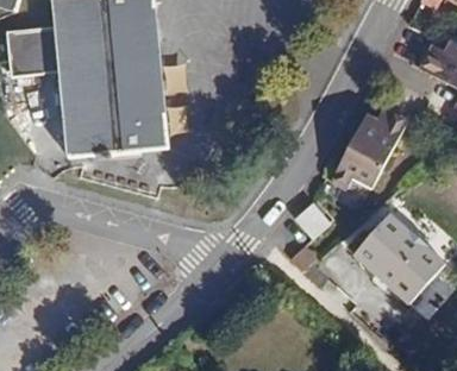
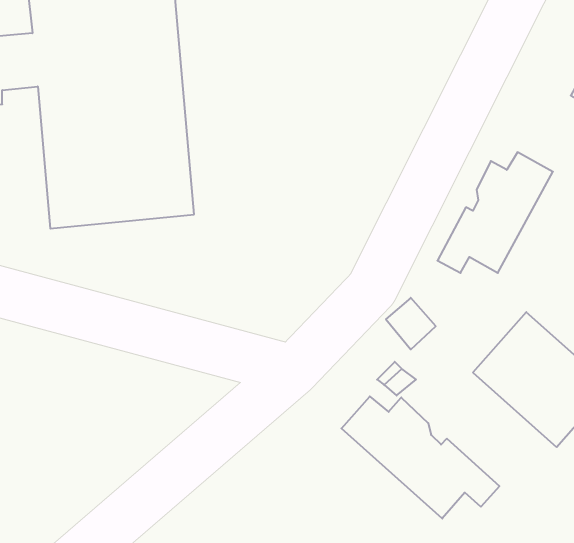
building: none -> [341,396,499,519]

